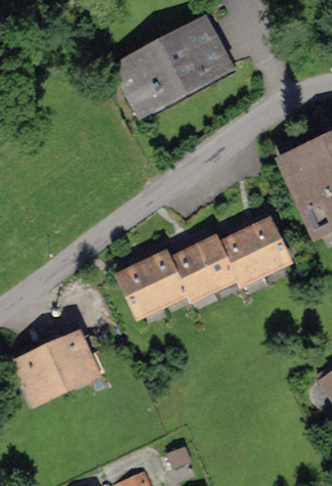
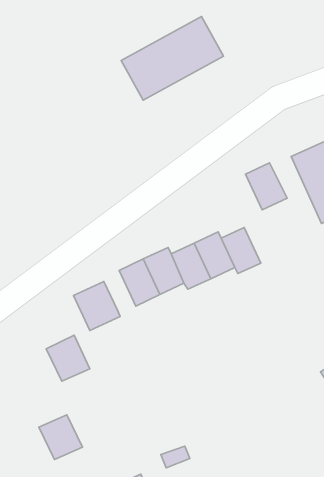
building: [244,221,285,267] -> [246,163,287,210]
building: none -> [73,281,120,331]
building: [22,351,65,395] -> [39,415,83,460]

